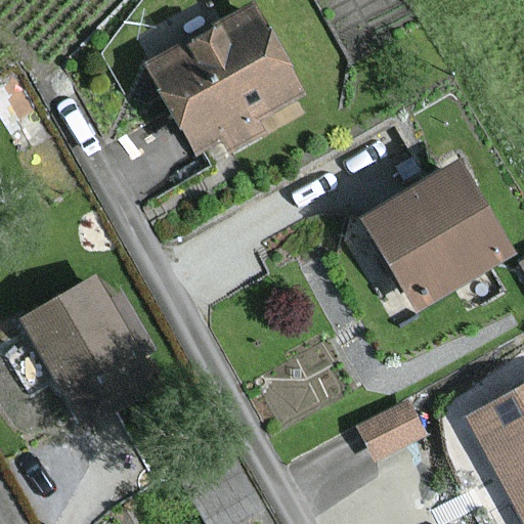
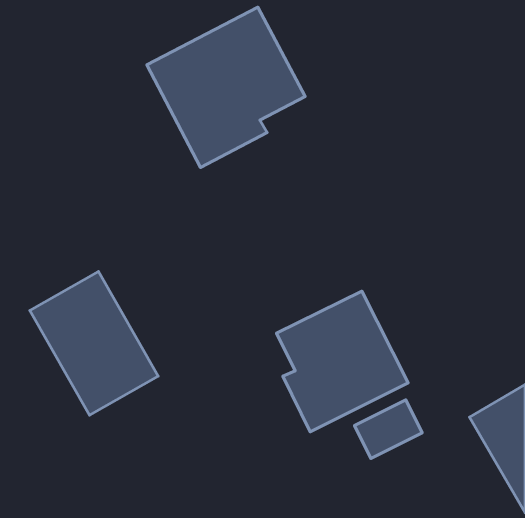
building: [361,164,510,307] -> none
building: none -> [276,291,408,432]

